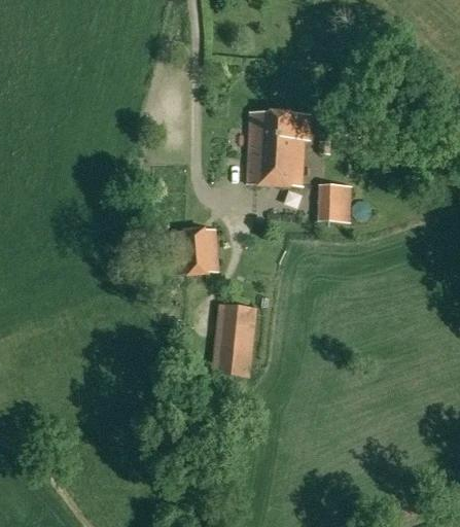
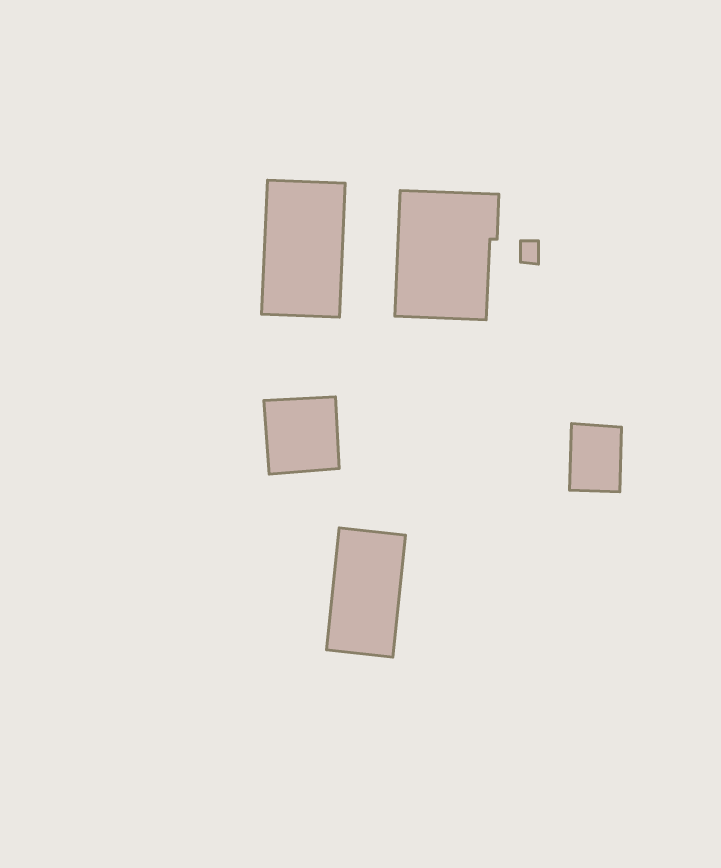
building: none -> [262,180,345,317]
building: [321,182,351,221] -> [570,424,622,492]

